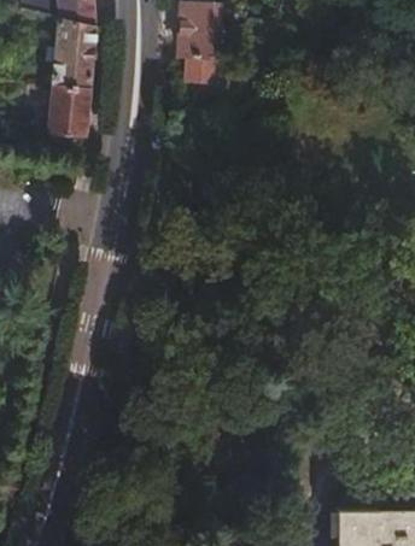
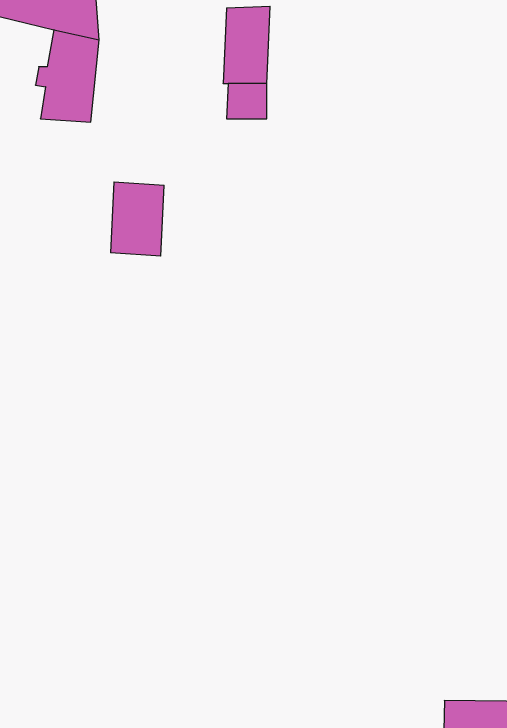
building: [48,86,87,139] -> [111,182,164,256]

